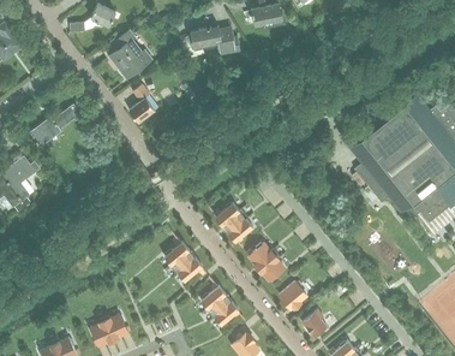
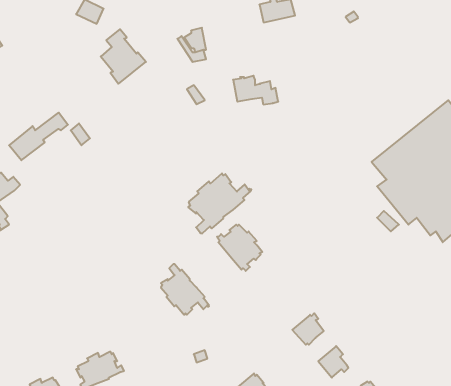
building: [199,25,239,51] -> [233,76,278,104]
building: [127,84,157,123] -> none
building: none -> [188,173,251,234]
building: [245,243,283,283] -> none
building: [200,284,239,325] -> none

